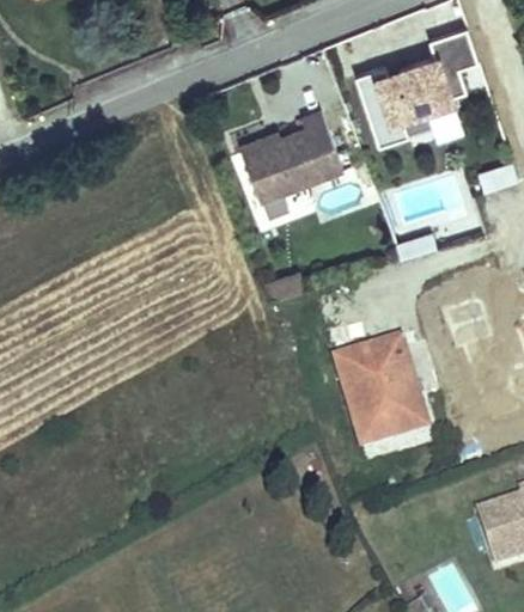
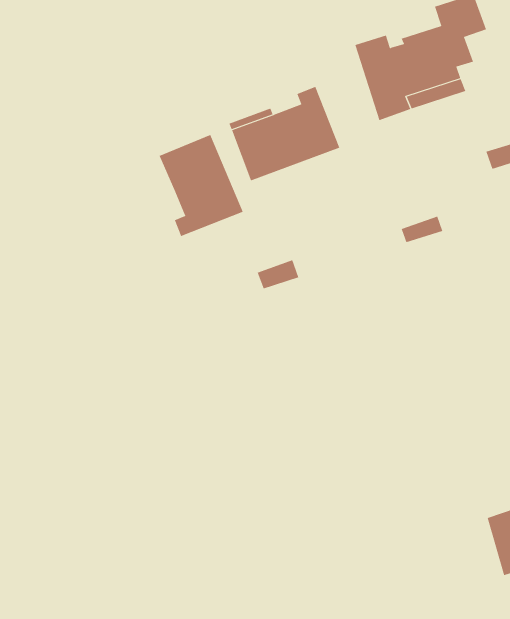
building: none -> [159,134,244,237]
building: [336,344,427,451] -> none

